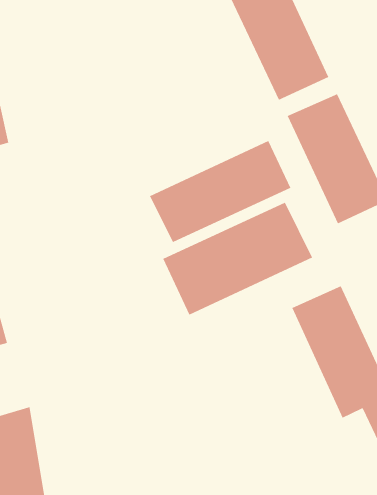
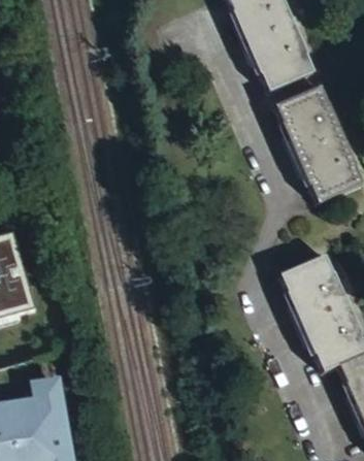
building: [149,140,291,243] -> none
building: [163,202,313,315] -> none

